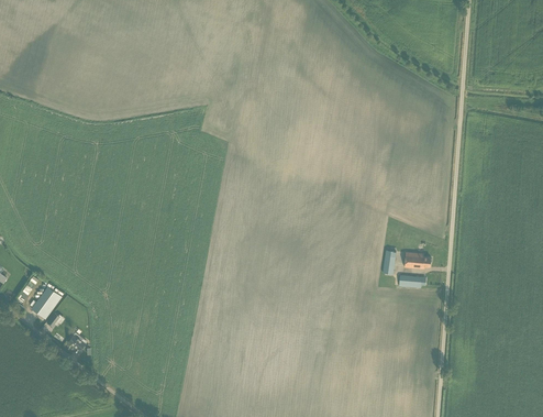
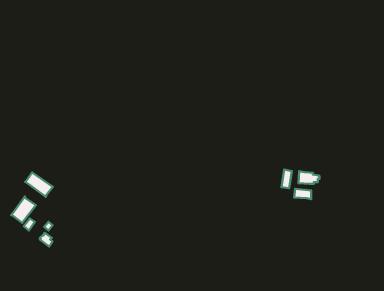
building: none -> [25,173,53,197]

